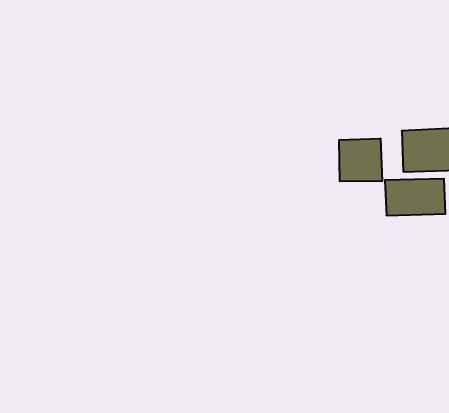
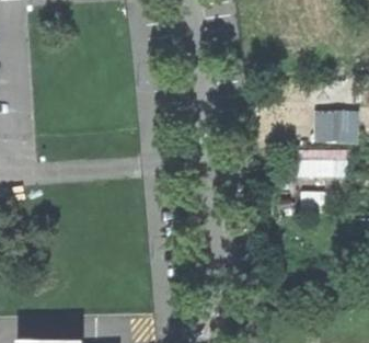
building: [339,138,382,181] -> none

